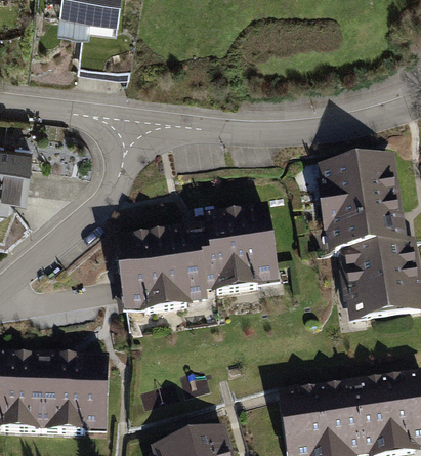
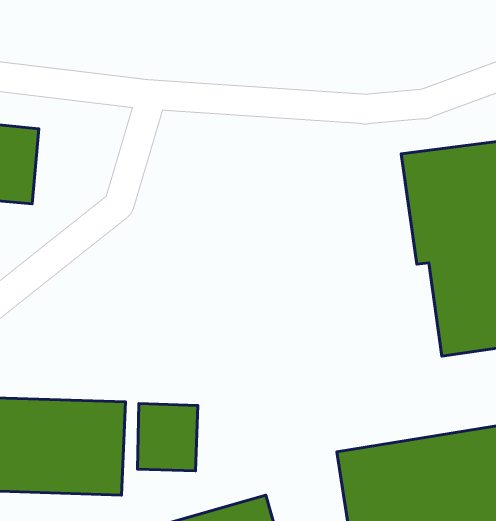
building: [117,203,281,309] -> none
building: none -> [138,404,198,471]

